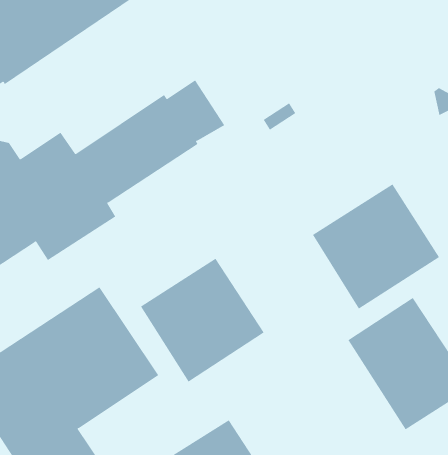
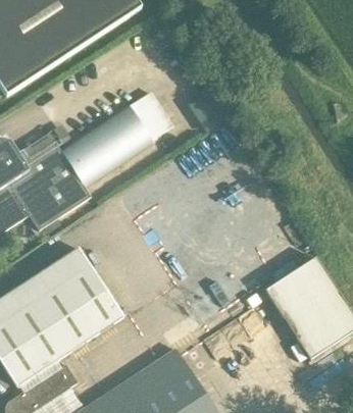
building: [312,184,440,310] -> none
building: [140,258,265,383] -> none

